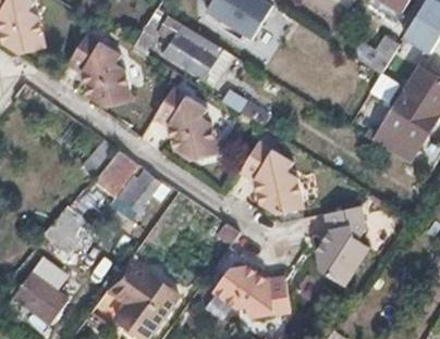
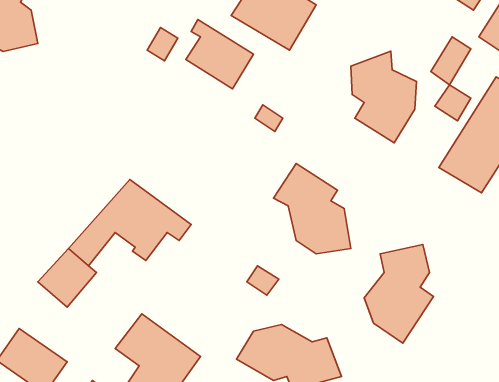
building: [66,32,133,106] -> none
building: none -> [351,51,416,143]
building: [155,84,219,159] -> none

